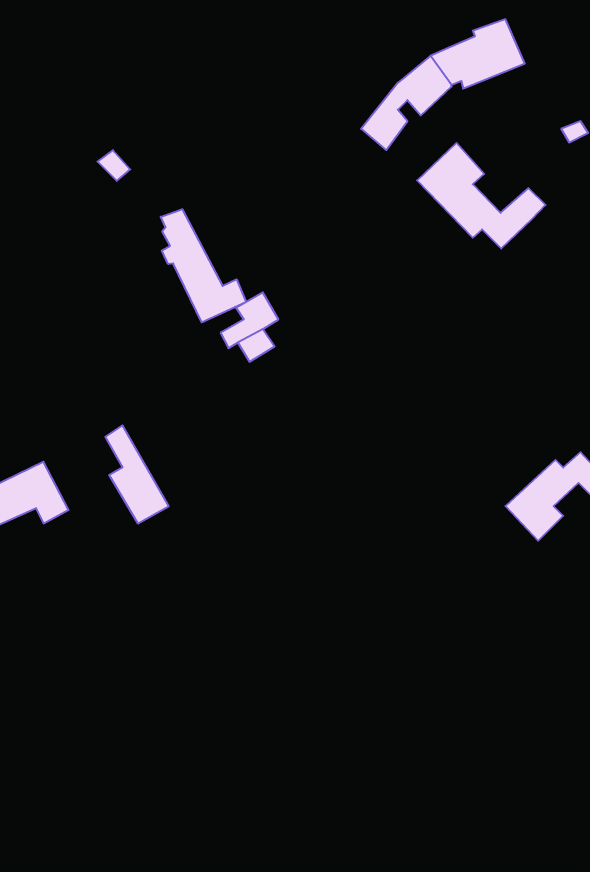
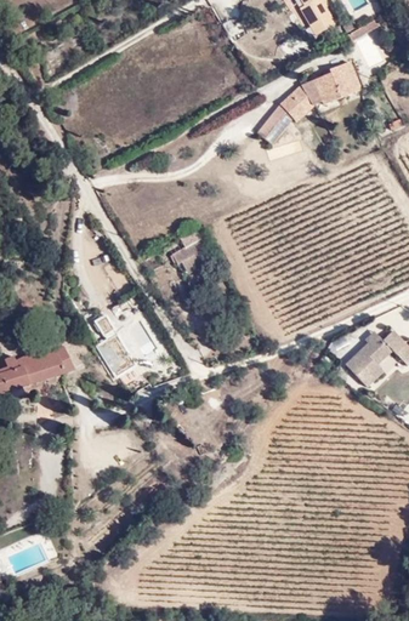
building: [417,143,546,249] -> none
building: [161,209,246,322] -> none

